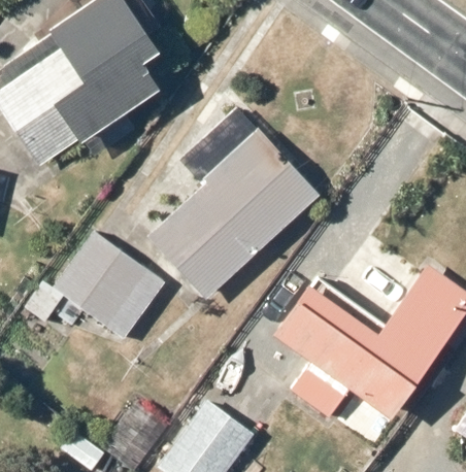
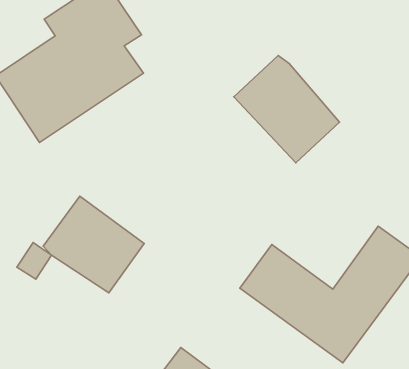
building: none -> [234,55,339,163]
building: [147,130,320,299] -> none

